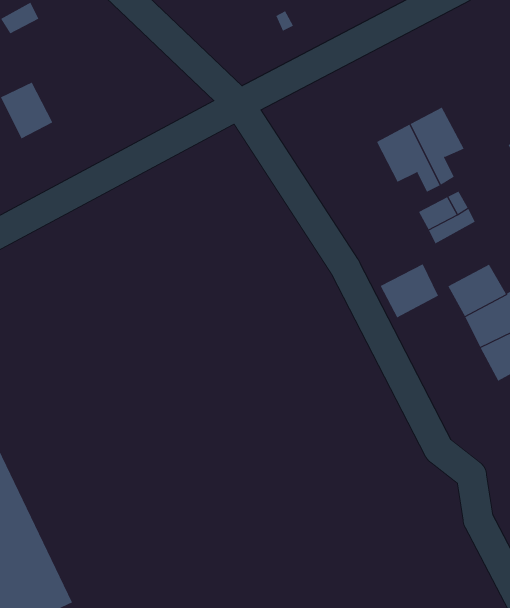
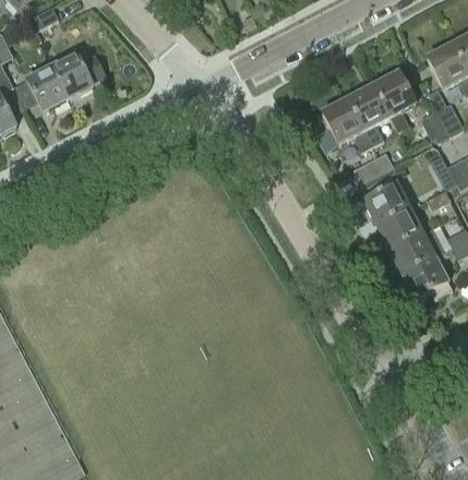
building: none -> [51,53,105,98]
building: none -> [371,73,413,133]
building: [380,263,439,318] -> [362,183,408,226]

